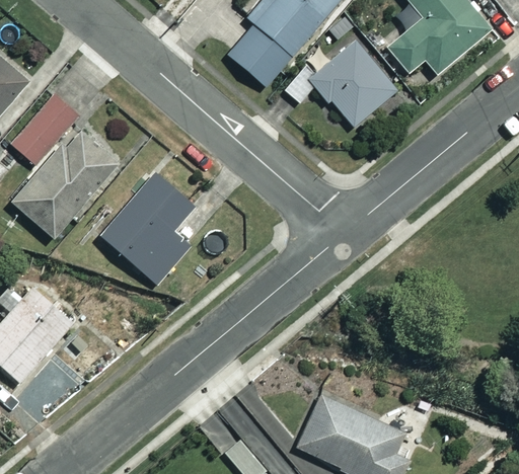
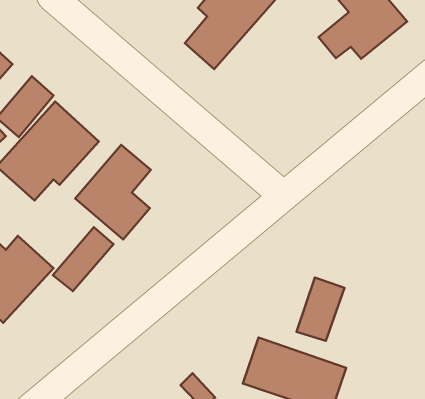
building: [283,40,396,127] -> none
building: none -> [53,227,114,291]
building: none -> [297,278,345,341]

